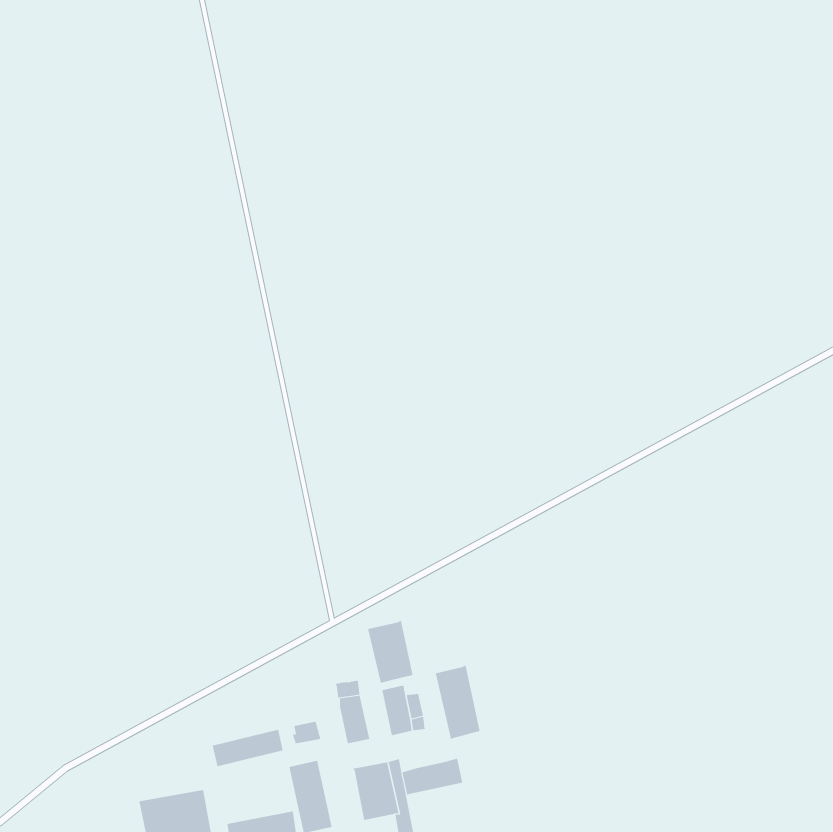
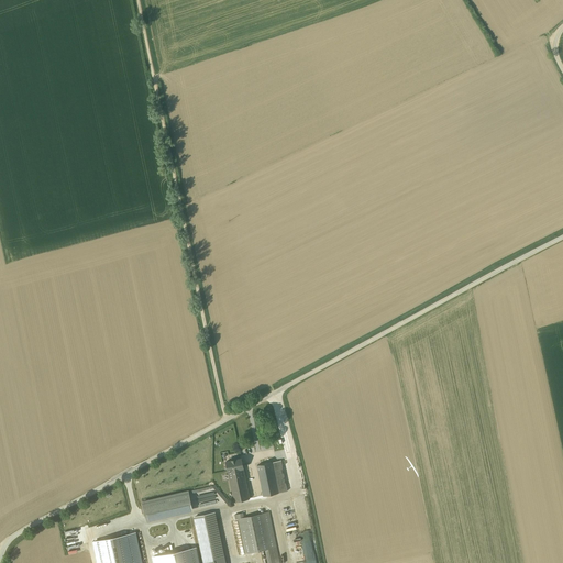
building: [368,620,413,684] -> none
building: [435,664,480,740] -> none
building: [402,758,463,795] -> none

